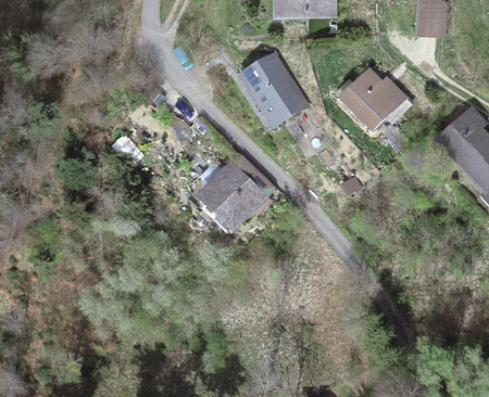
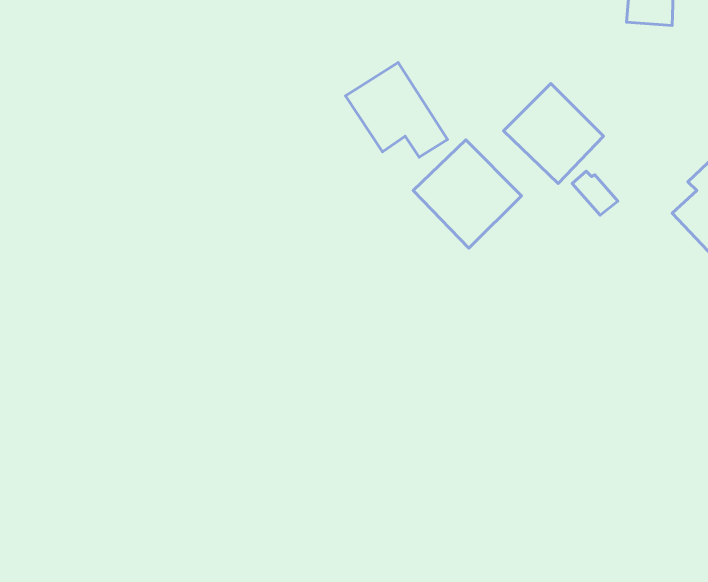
building: none -> [413,140,522,248]
building: [200,166,262,221] -> none

